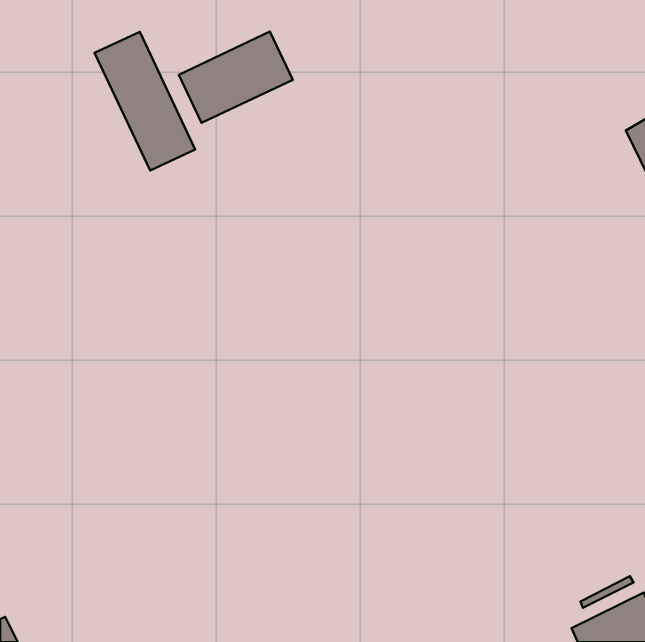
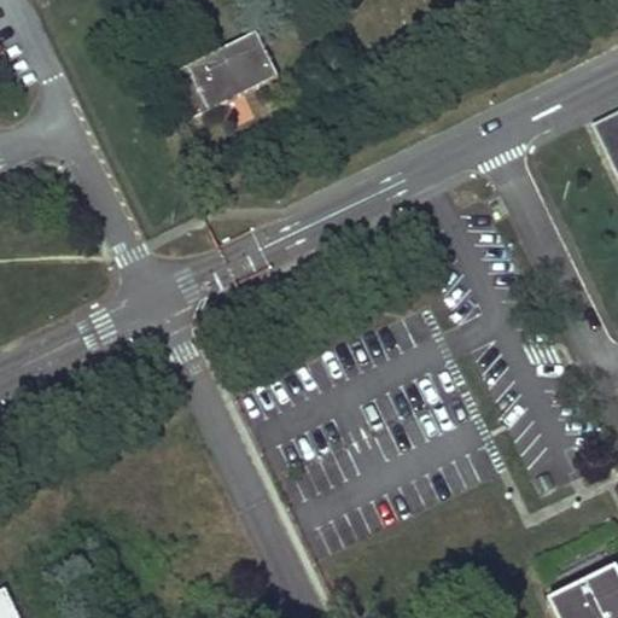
building: [95,32,195,171] -> none

